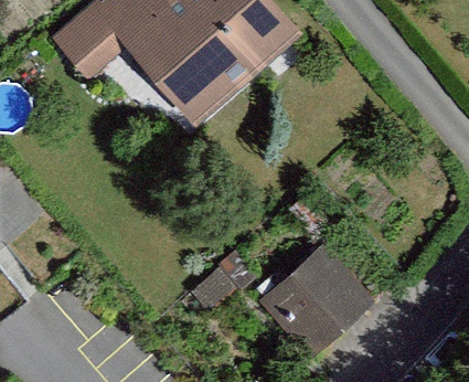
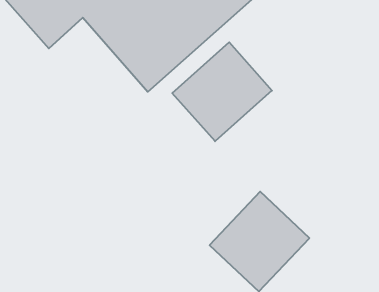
building: none -> [172,42,272,141]

